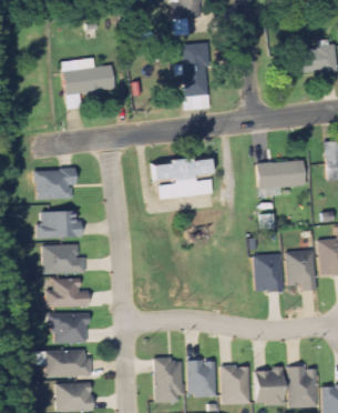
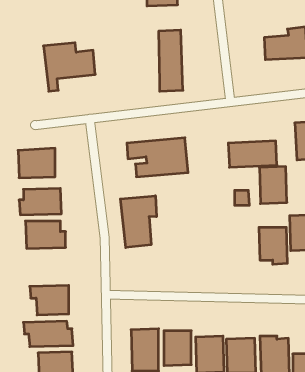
building: none -> [120,196,156,248]
building: [254,252,283,291] -> [259,167,287,204]
building: [47,279,89,306] -> none

